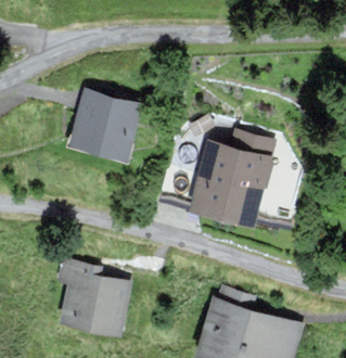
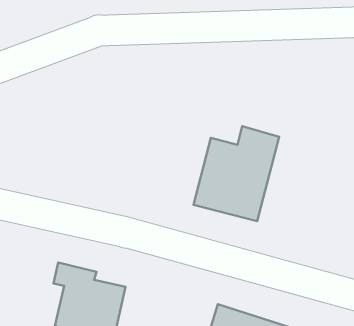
building: [72,91,140,158] -> none

